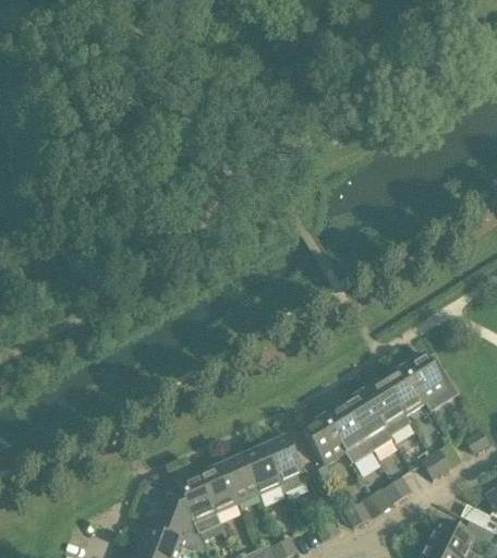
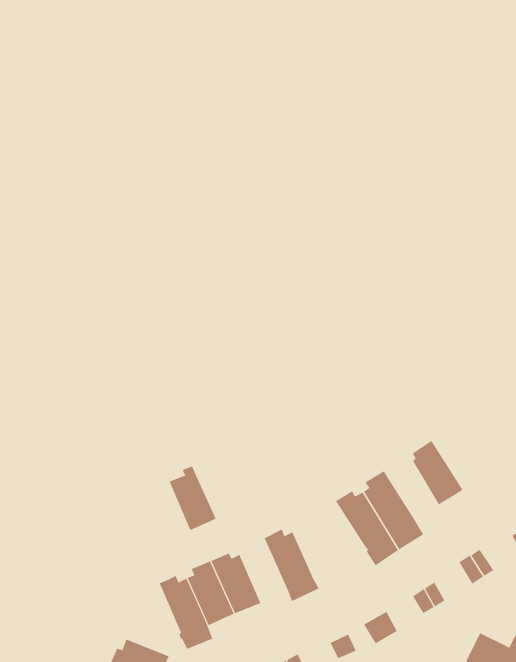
building: [401,353,459,412] -> none
building: [362,378,411,436] -> none
building: [303,412,348,466] -> none
building: [243,442,282,496] -> [169,466,216,531]
building: [149,480,194,539] -> none

